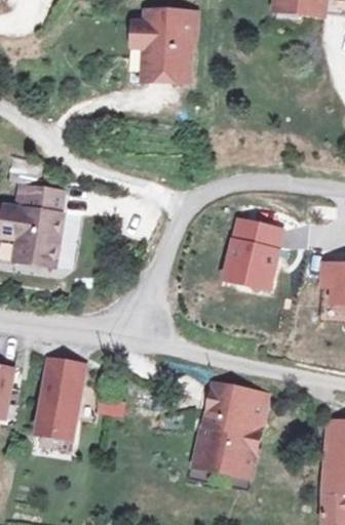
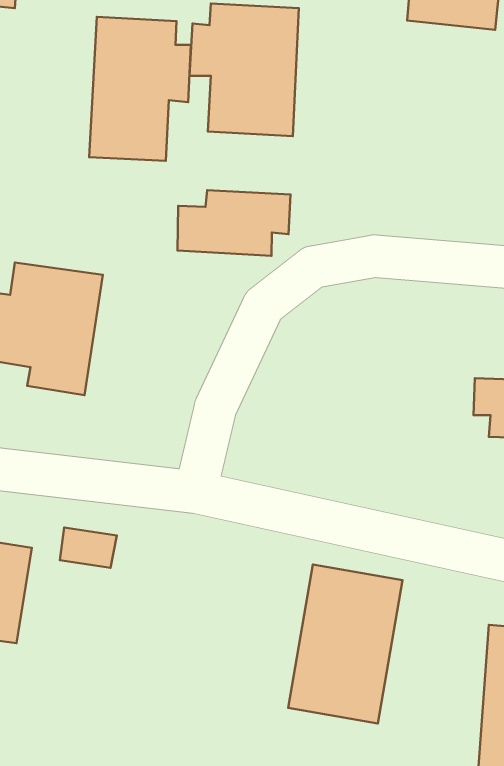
building: none -> [89,17,191,161]
building: none -> [177,190,290,256]
building: [220,214,279,282] -> none
building: [35,378,76,433] -> none

